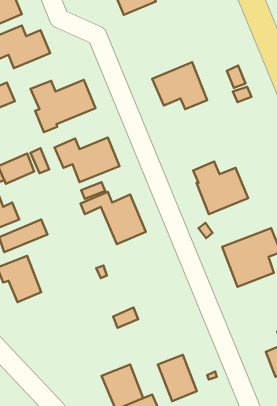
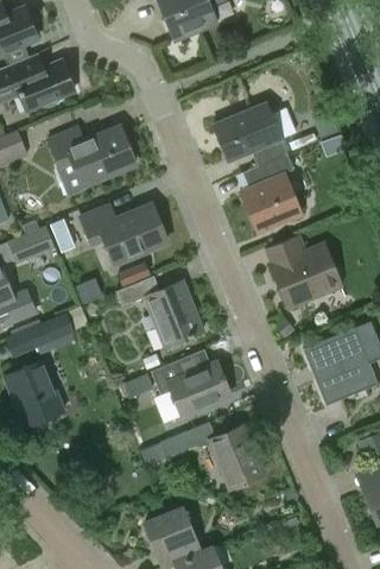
building: none -> [240,153,302,232]
building: none -> [151,361,230,415]
building: [158,355,197,401] -> [209,425,261,487]

